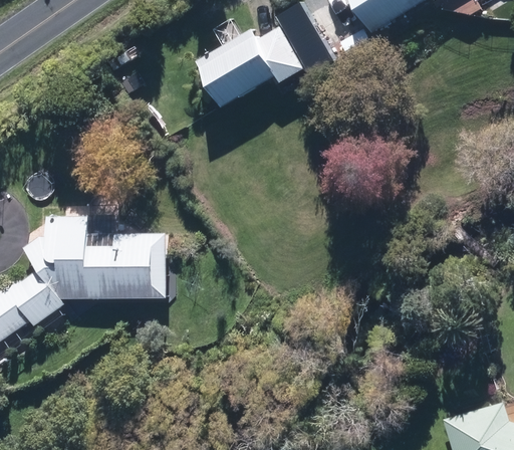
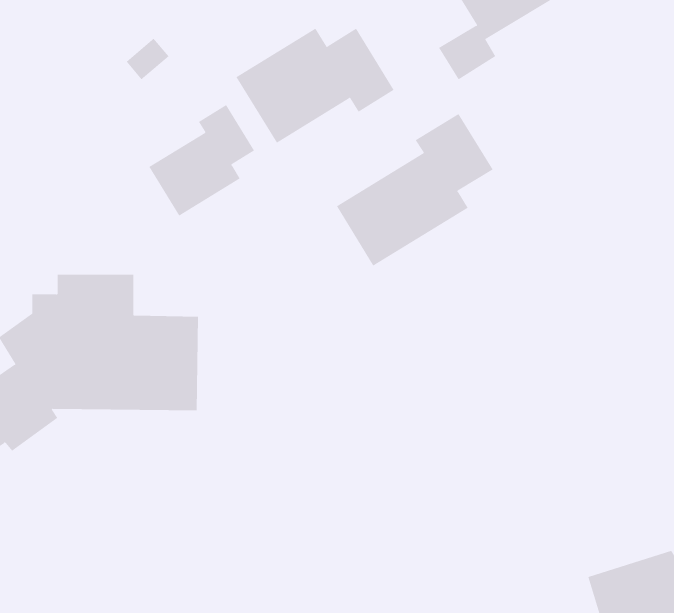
building: none -> [148,104,255,216]
building: none -> [336,113,493,267]

